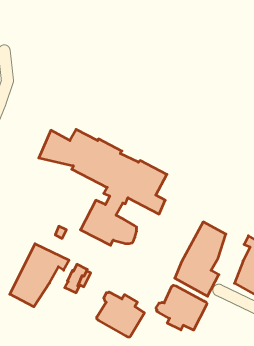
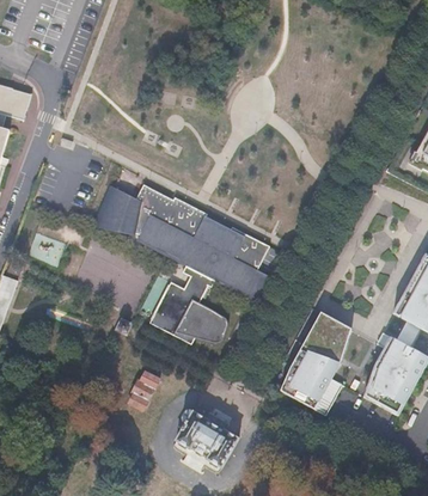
building: [10,244,69,307] -> none
building: [156,285,207,330] -> none

